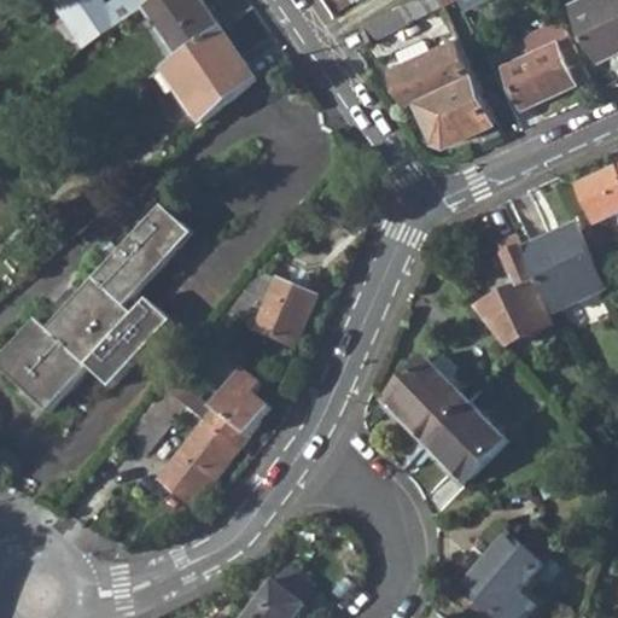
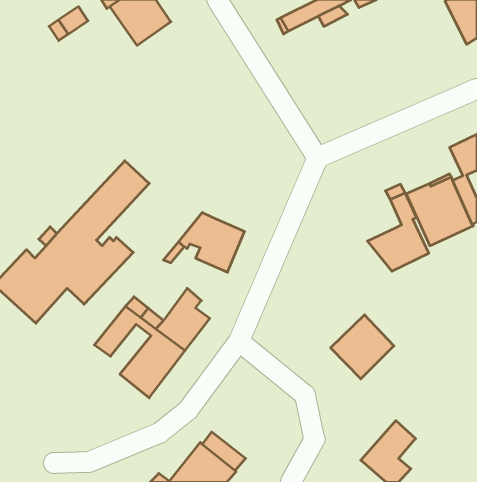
building: [499,19,585,106] -> none
building: [159,30,255,127] -> none
building: [389,30,492,144] -> none
building: [380,360,466,444] -> none

